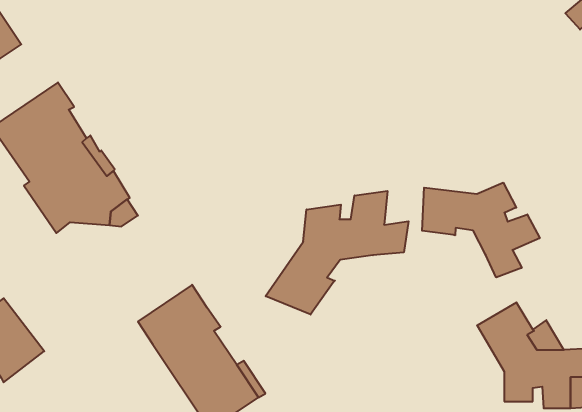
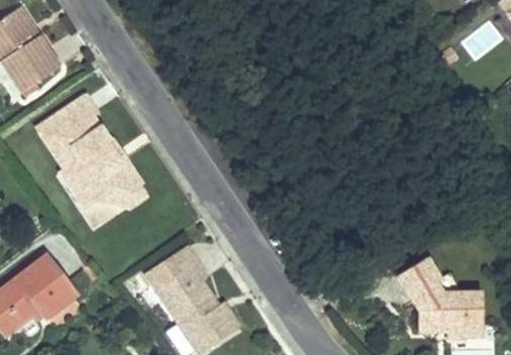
building: [422,183,540,277] -> none
building: [266,191,409,315] -> none

